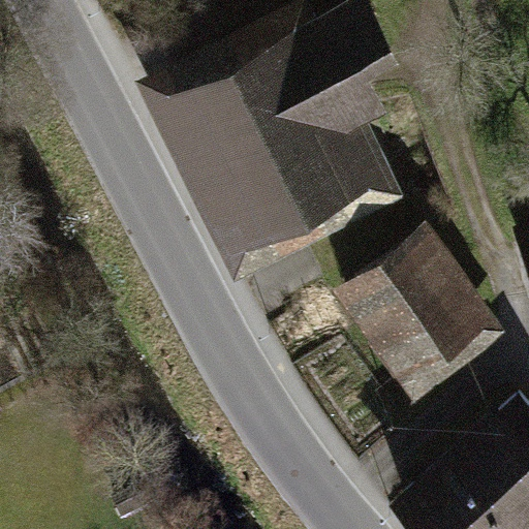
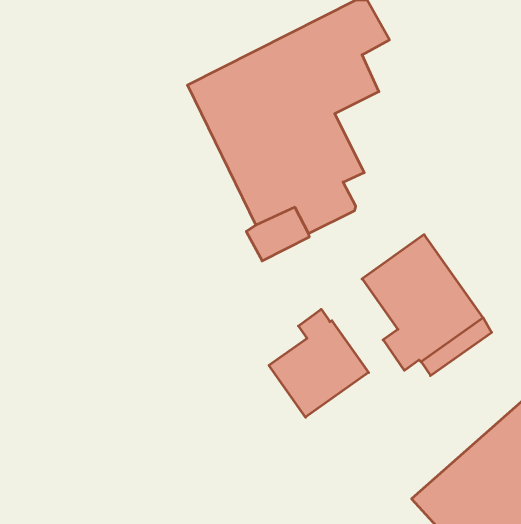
building: none -> [269,309,369,417]

